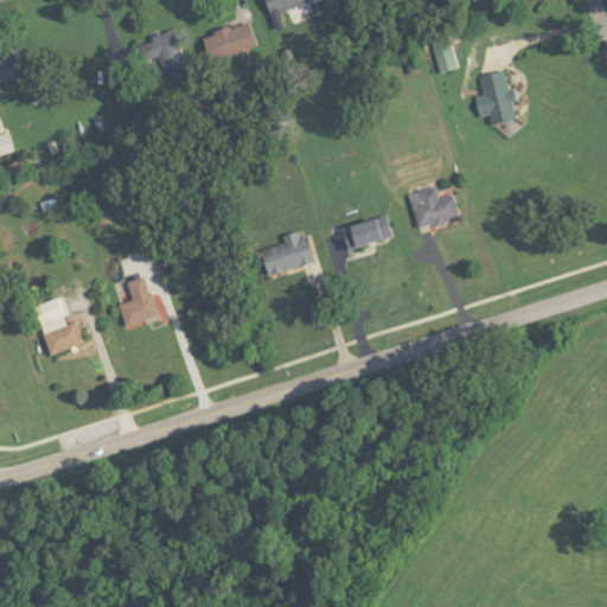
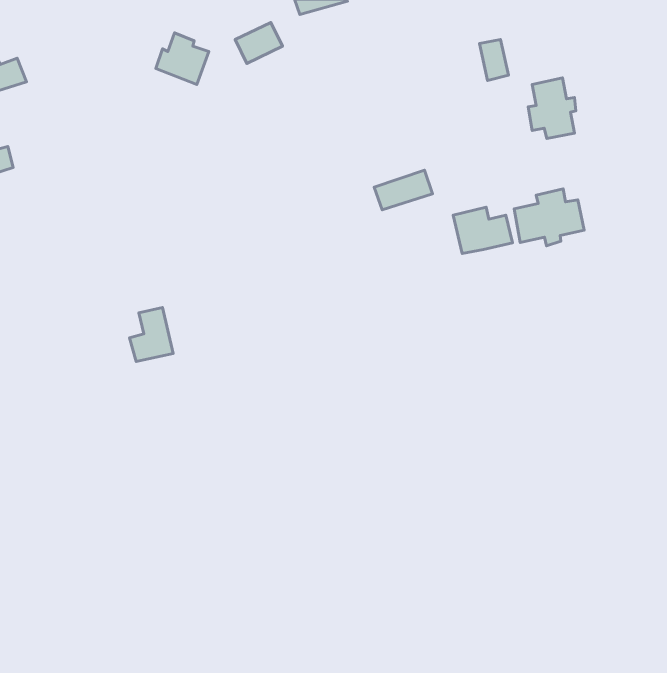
building: none -> [514,189,584,246]
building: [340,215,392,250] -> [374,170,432,210]
building: [261,231,313,274] -> none
building: [32,296,83,354] -> none

